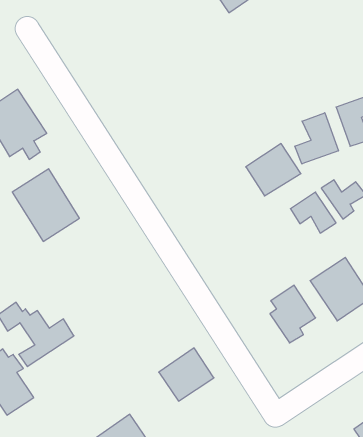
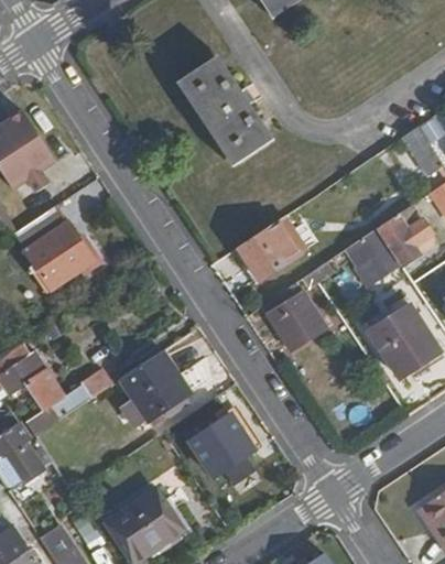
building: none -> [174,53,273,166]
building: [295,113,338,164] -> none
building: [246,144,301,196] -> [238,217,303,279]
building: [270,285,316,343] -> [269,280,323,348]
building: none -> [115,349,186,423]

